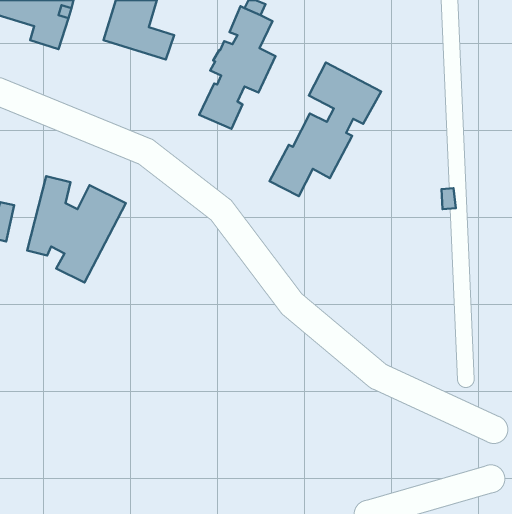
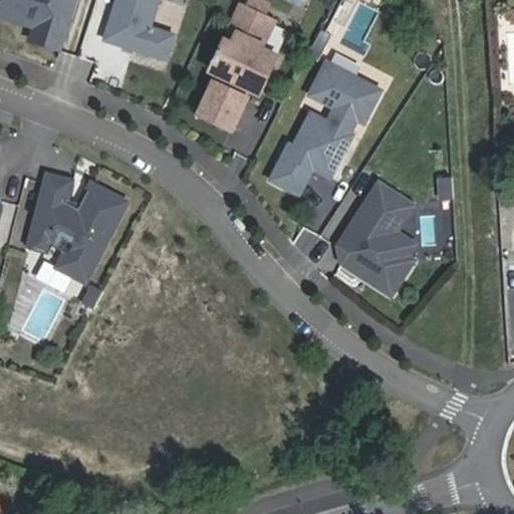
building: none -> [336,182,414,296]

